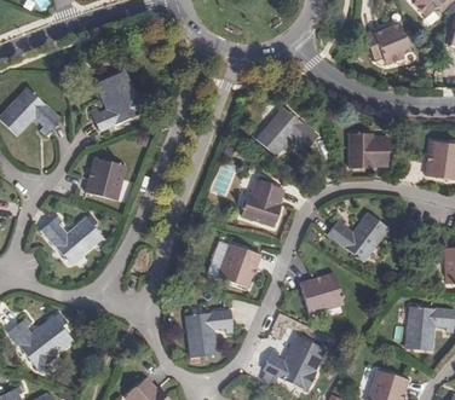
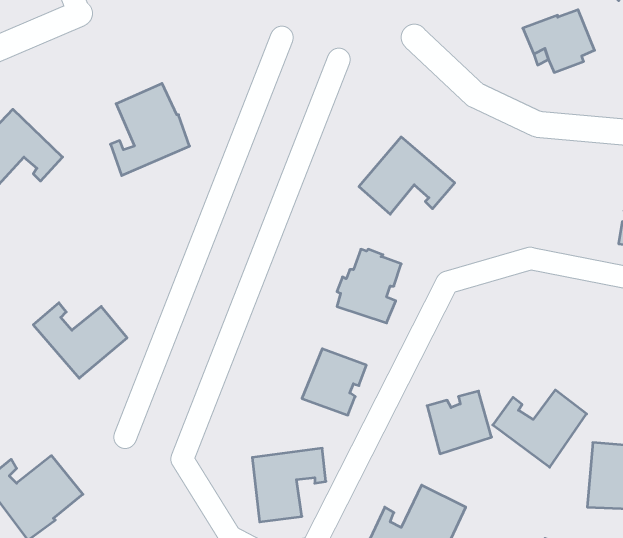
building: [349,132,390,168] -> none
building: [87,157,126,201] -> none
building: [327,211,388,262] -> [493,390,587,467]

